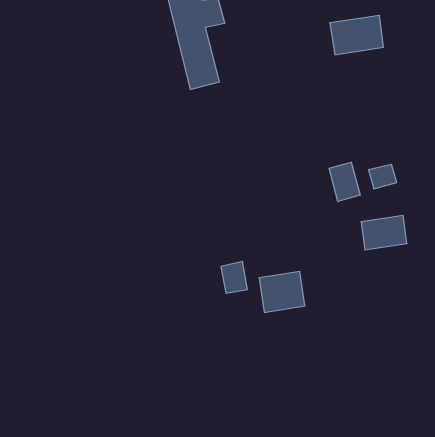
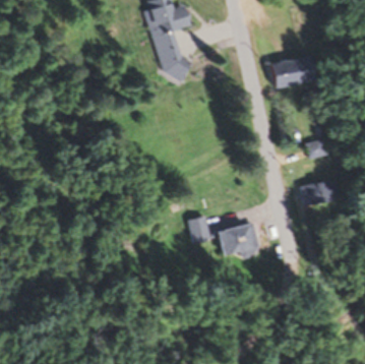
building: [330,15,383,55] -> [272,56,315,87]
building: [329,162,360,202] -> none

